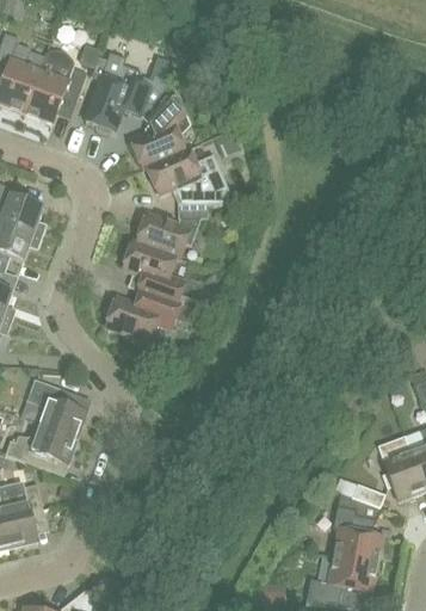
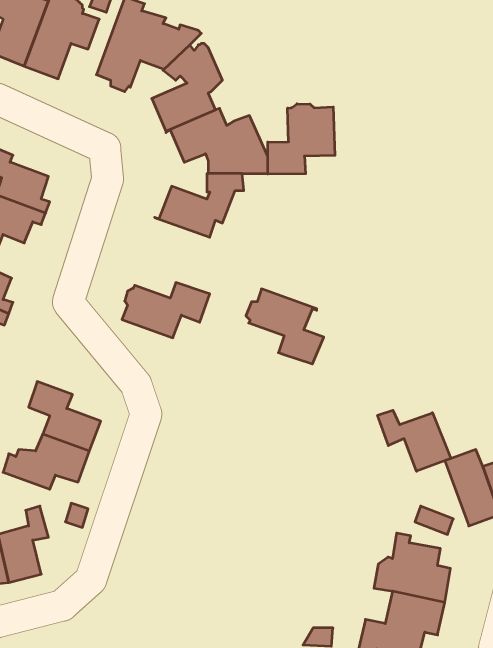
building: none -> [268,104,335,174]
building: [121,239,186,302] -> [246,289,324,364]
building: none -> [378,410,451,471]

